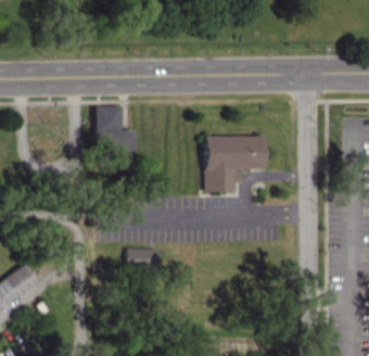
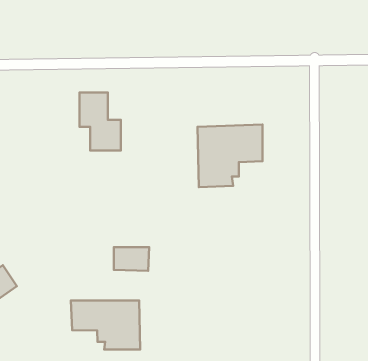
building: none -> [71,300,140,349]

